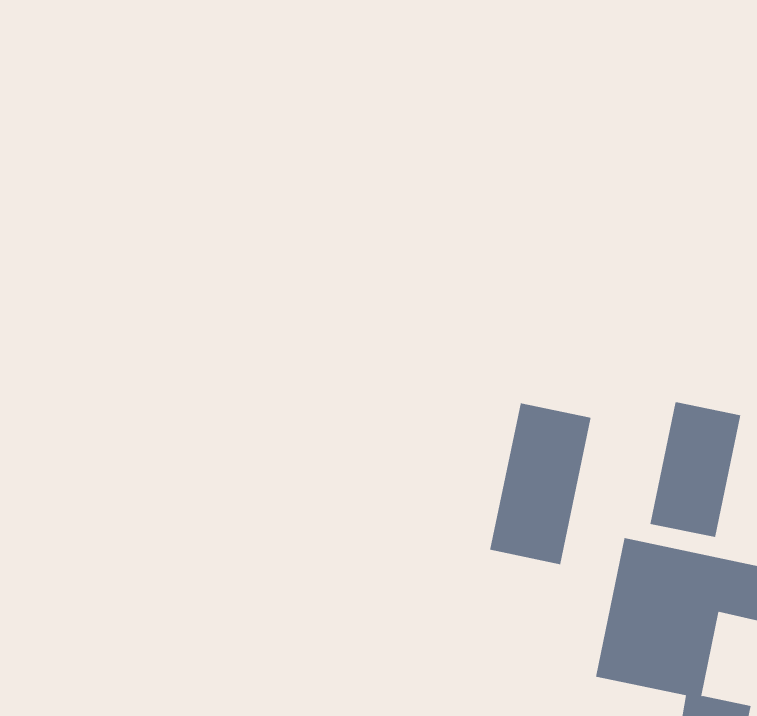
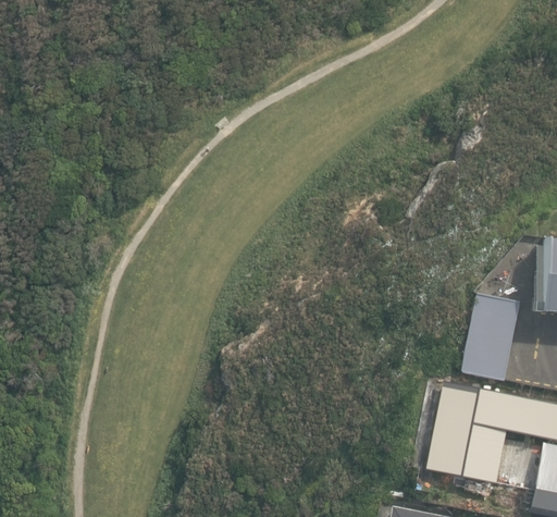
building: [490,403,591,565] -> none

